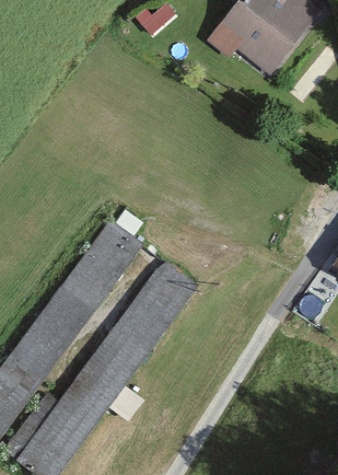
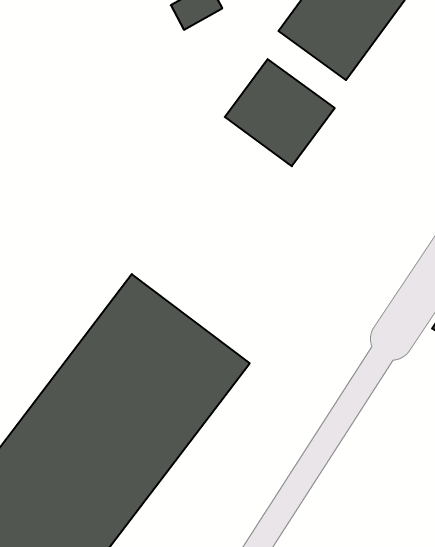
building: none -> [225,59,335,166]

